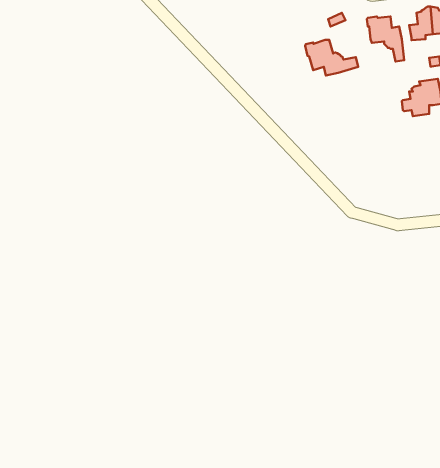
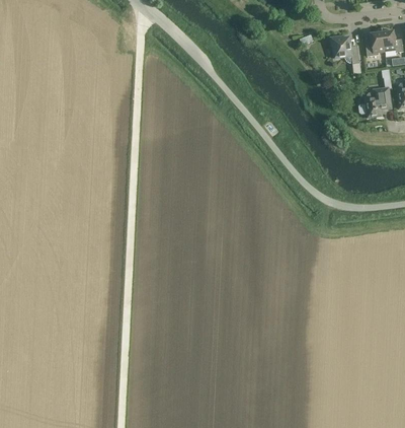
building: [305,40,358,75] -> none

